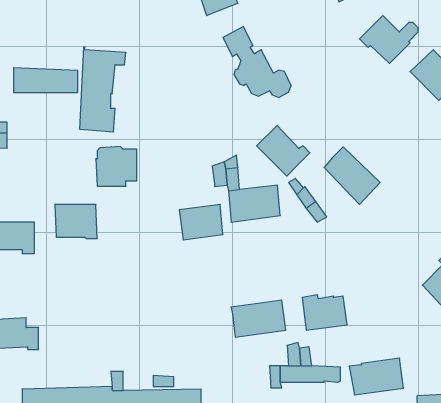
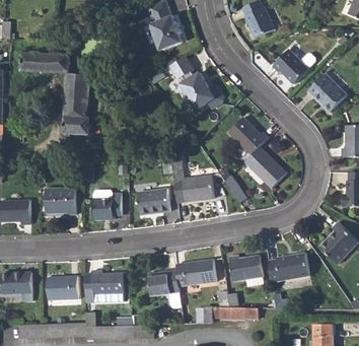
building: [14,68,78,92] -> [19,53,67,71]
building: [257,125,310,176] -> [228,116,268,153]
building: [96,147,137,186] -> [90,189,121,218]
building: none -> [148,269,180,296]
building: none -> [85,270,125,301]
building: none -> [47,276,78,299]
building: [349,358,404,395] -> [268,256,308,283]

